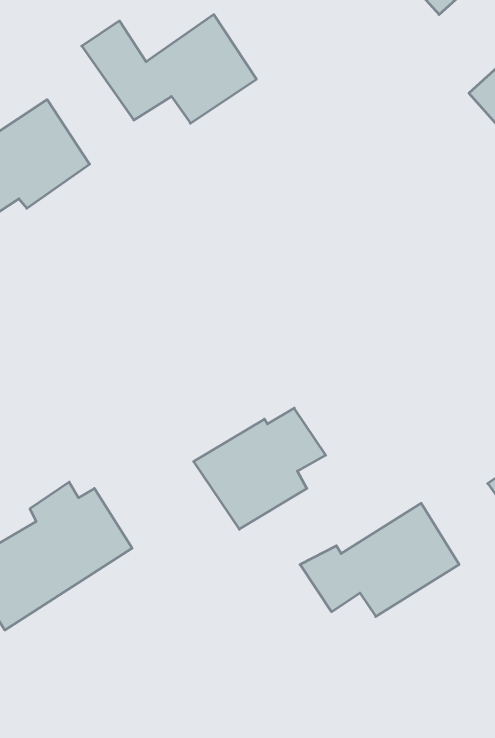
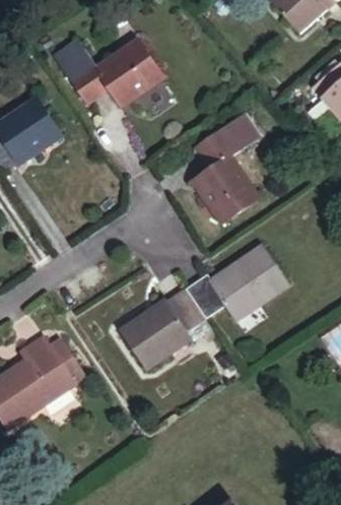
building: none -> [200,124,268,226]
building: [300,503,459,617] -> [194,249,296,322]

